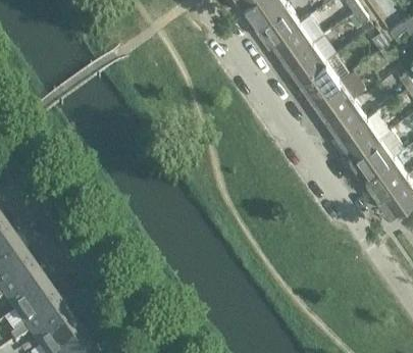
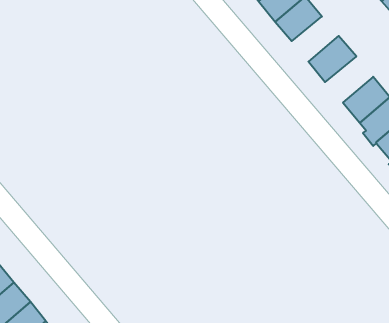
building: [298,61,340,100] -> none
building: [324,99,367,139] -> none

